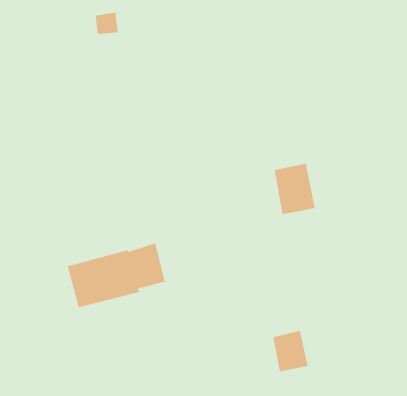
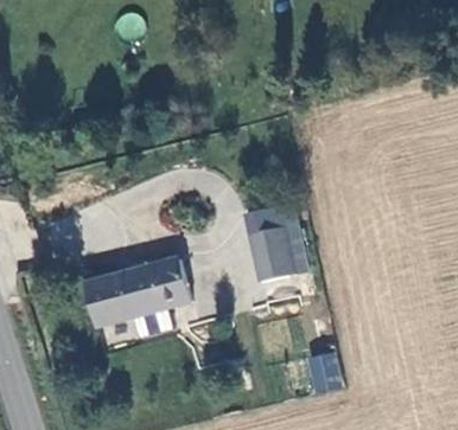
building: [274,163,315,215] -> [252,225,295,280]

